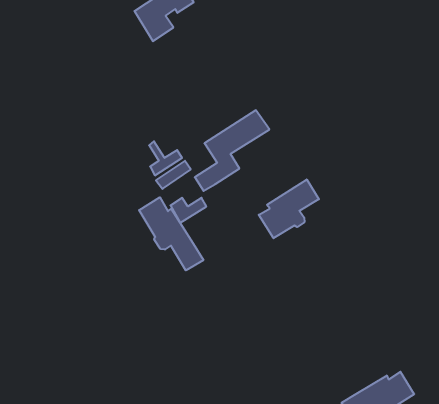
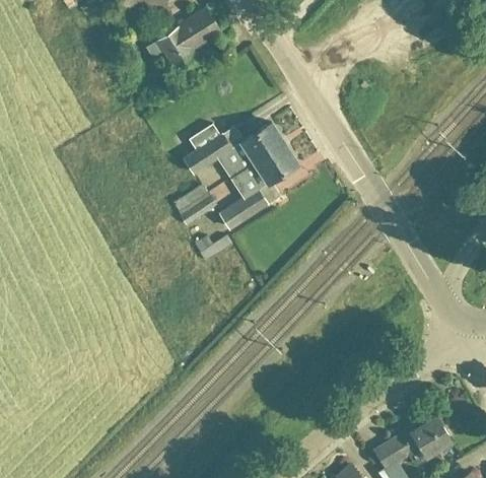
building: none -> [185,123,284,179]
building: [259,179,319,238] -> none
building: [139,197,203,270] -> none

